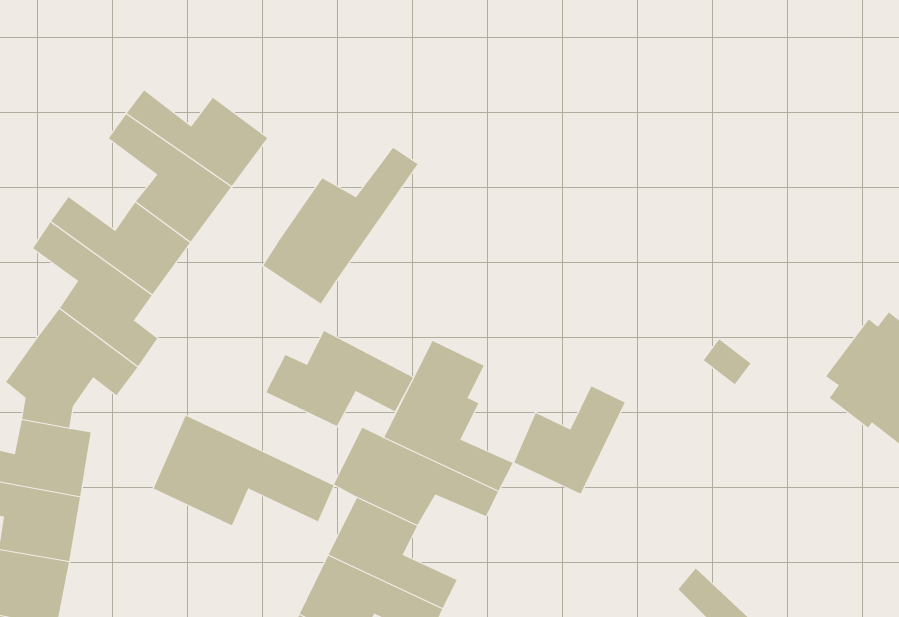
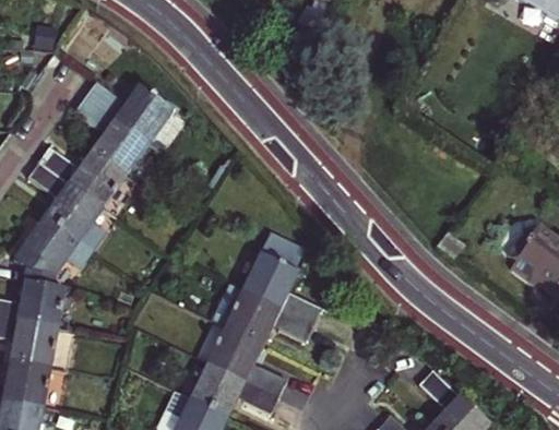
building: [262,147,419,305] -> none
building: [266,330,414,427] -> none
building: [513,386,625,495] -> none
building: [153,415,335,526] -> none

